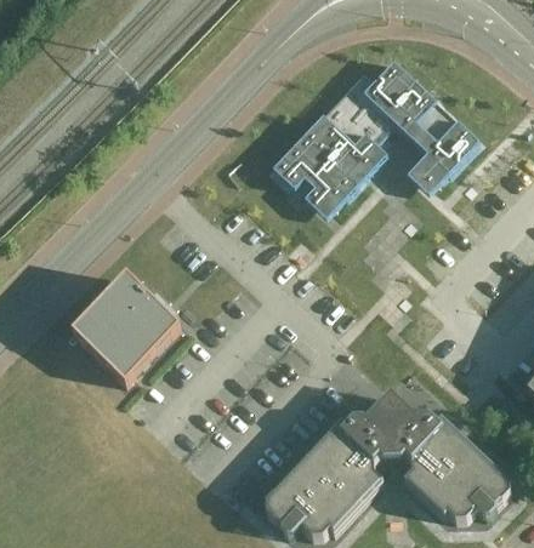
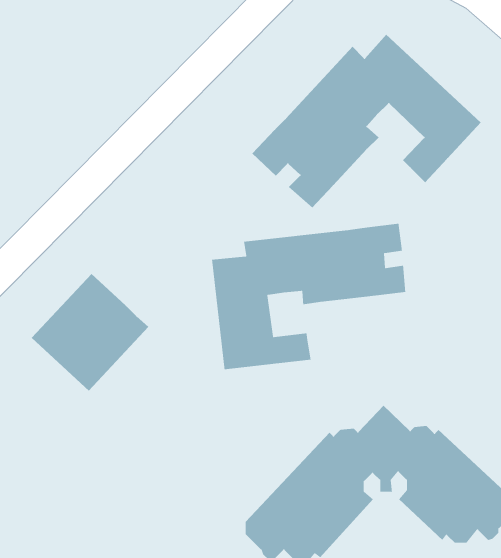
building: none -> [211,223,406,370]

